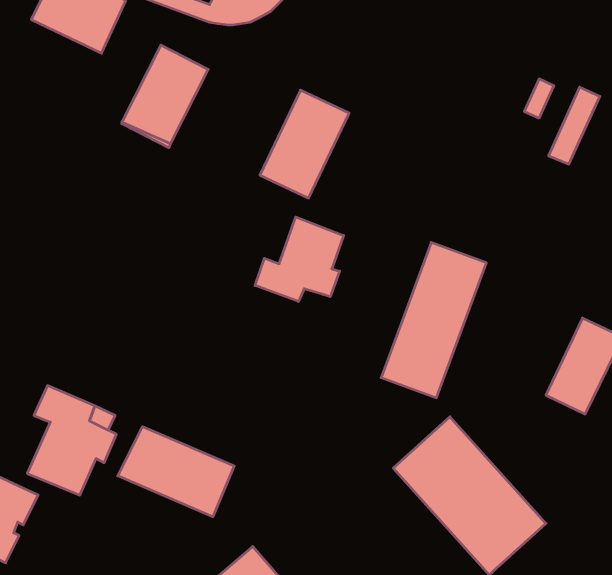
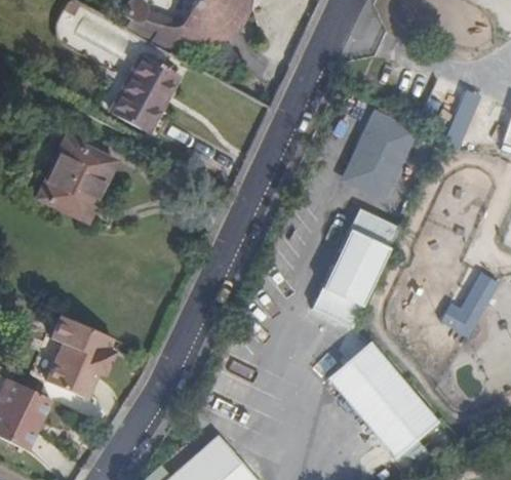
building: [260,90,349,198] -> [344,114,411,196]
building: none -> [43,141,122,223]
building: [255,217,344,302] -> none
building: [118,427,234,517] -> none

